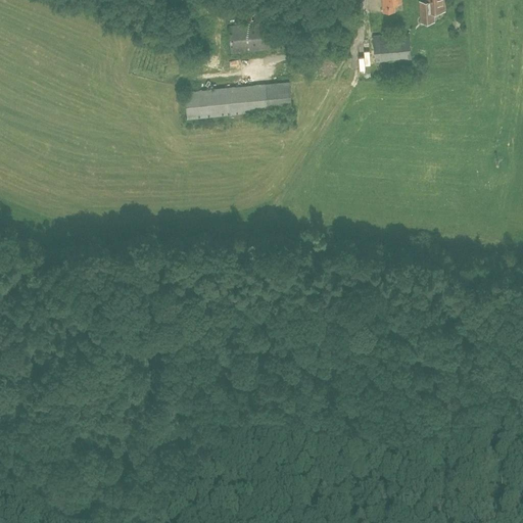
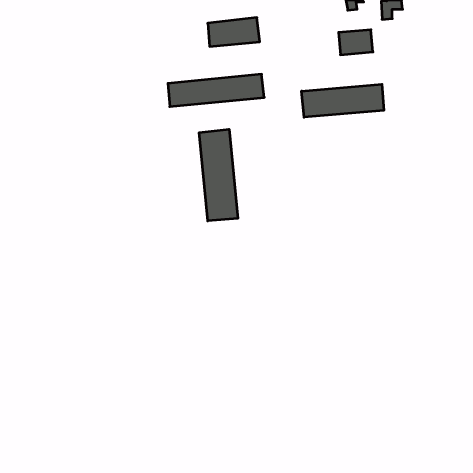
building: none -> [302,84,384,117]
building: none -> [199,129,238,221]

